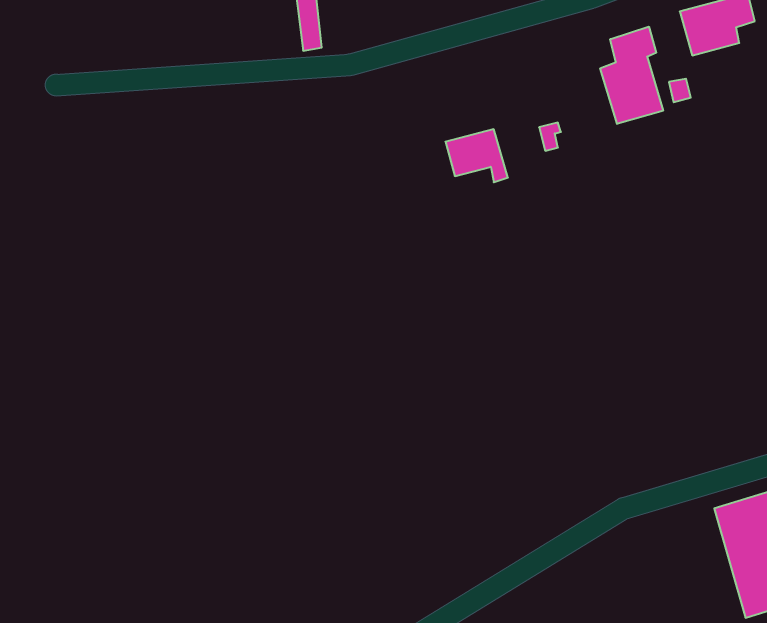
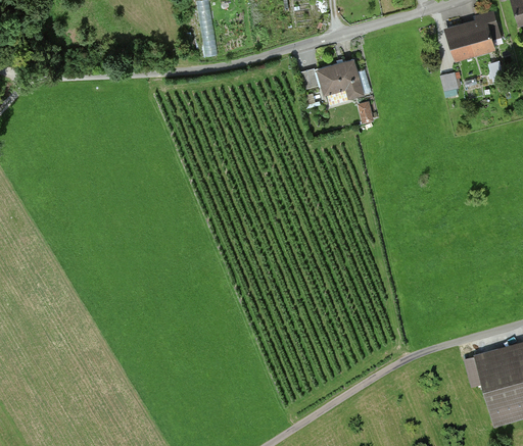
building: [600,27,663,124] -> none
building: [445,129,508,182] -> [318,61,359,96]

